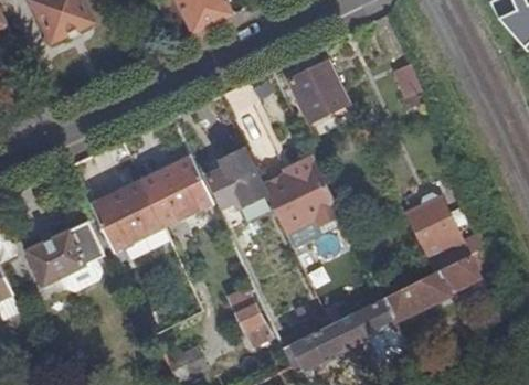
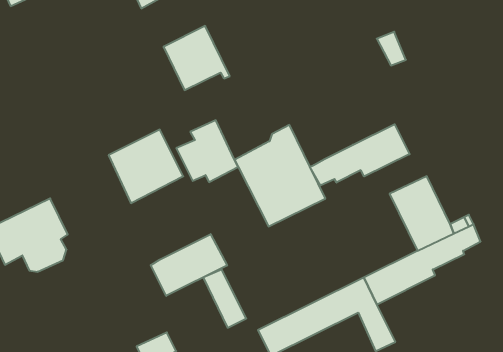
building: [289,61,352,121] -> [163,26,230,90]
building: none -> [310,124,410,185]
building: [89,181,161,250] -> none
building: none -> [151,234,227,296]

